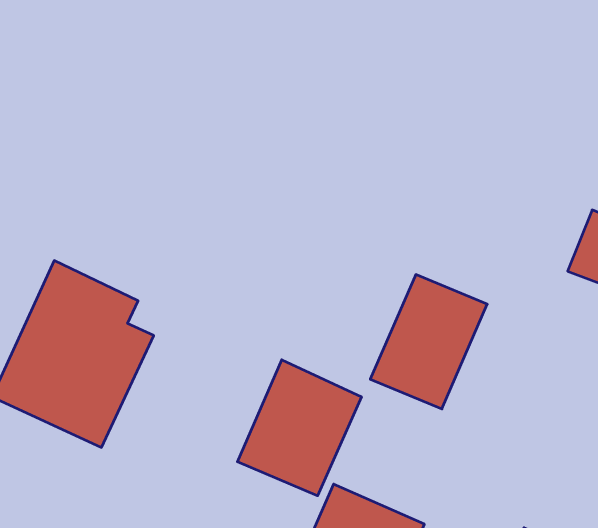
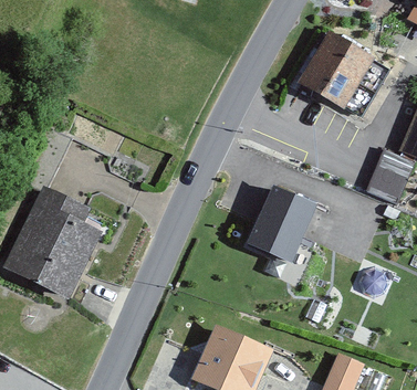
building: none -> [298,30,378,113]
building: [237,360,361,496] -> none

